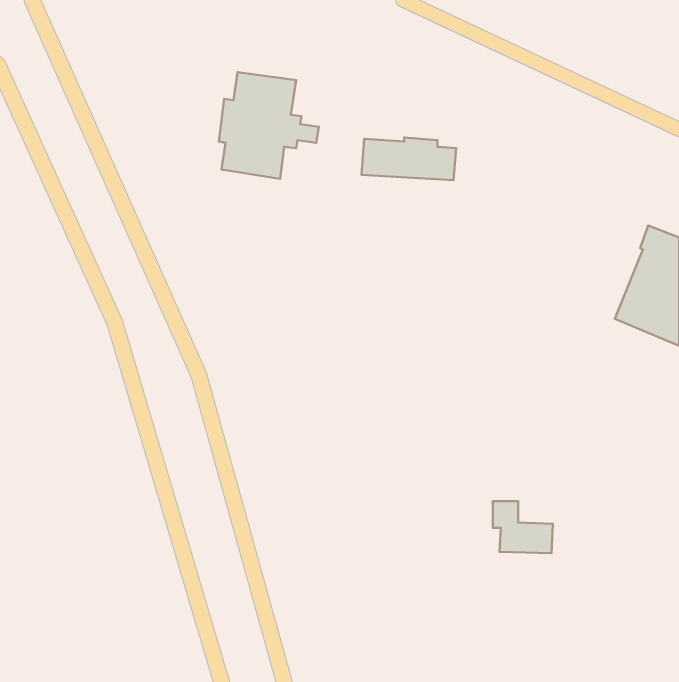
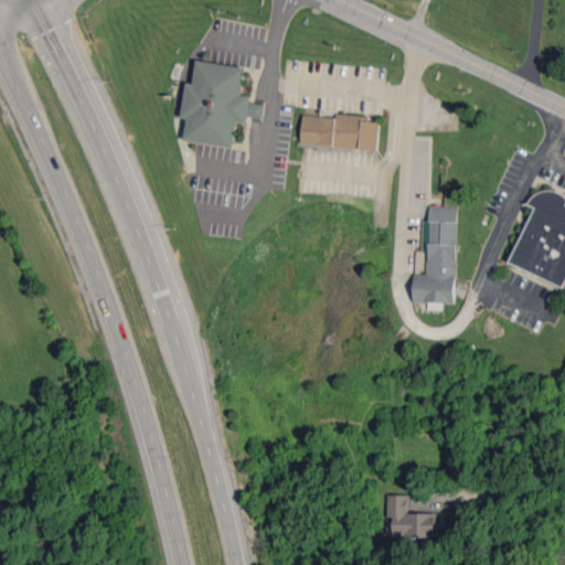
building: none -> [412,205,456,309]
building: [493,501,553,553] -> [386,494,436,537]

